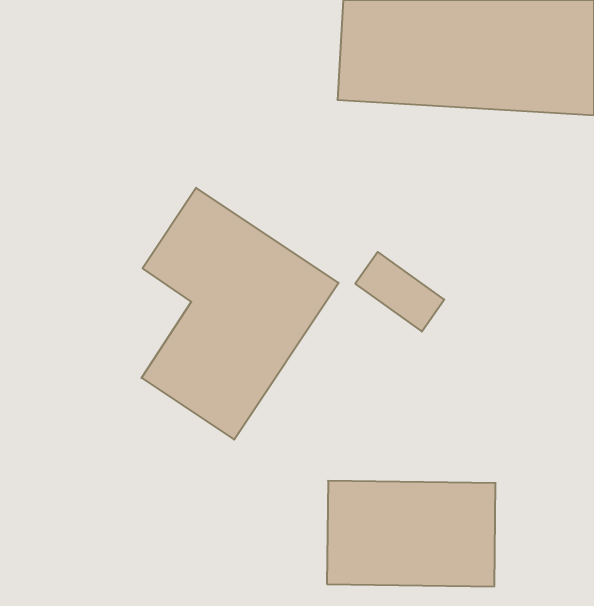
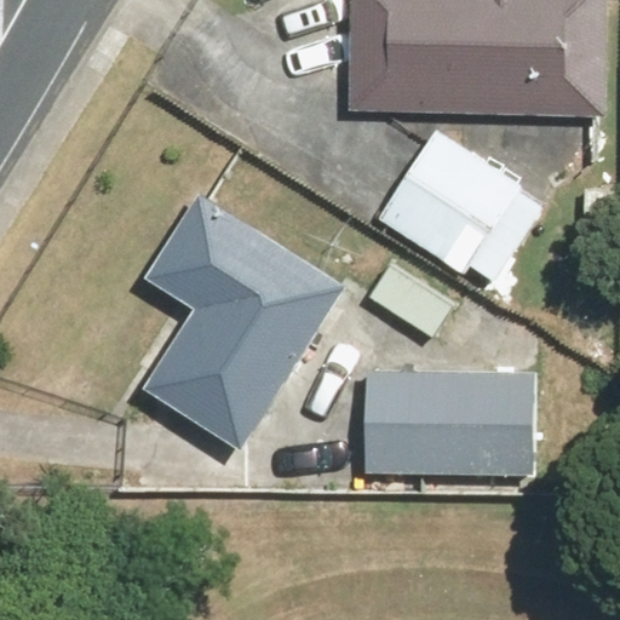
building: none -> [374,127,546,292]
building: [327,481,496,586] -> [363,367,535,475]

